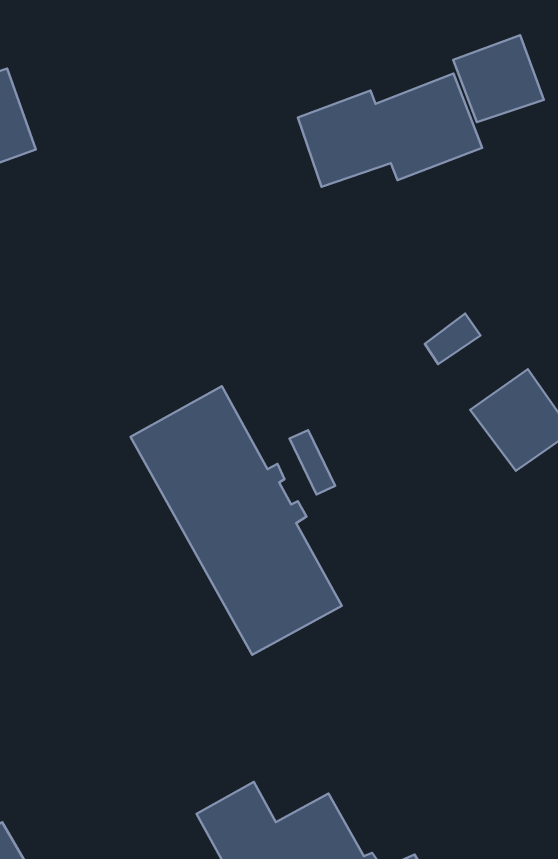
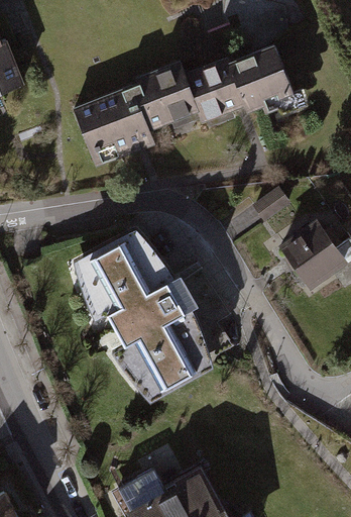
building: [453,35,544,122] -> none
building: none -> [73,64,195,164]

